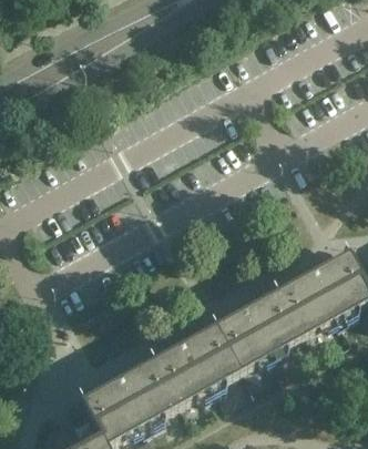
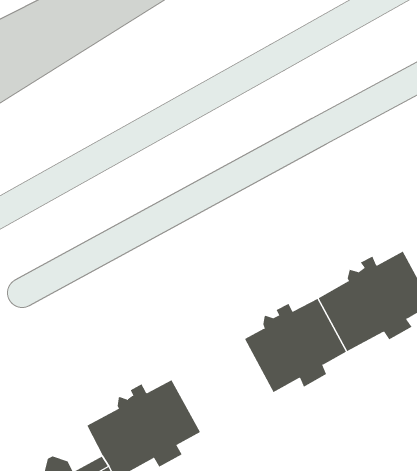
building: [155,325,241,404] -> none

